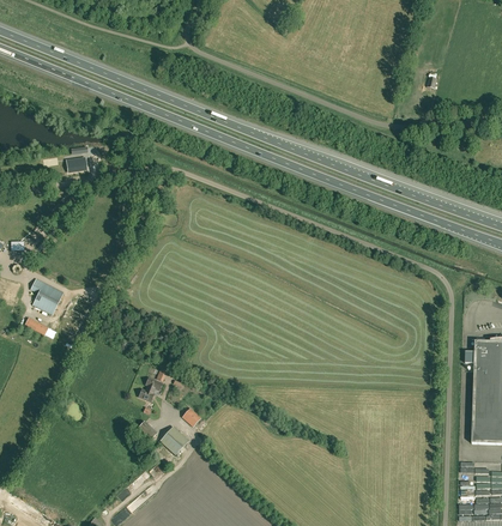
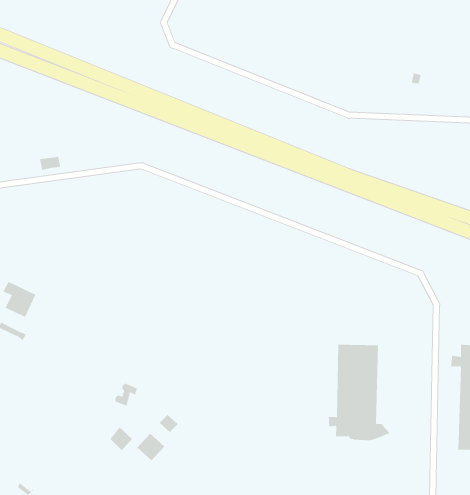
building: none -> [328,344,391,441]

